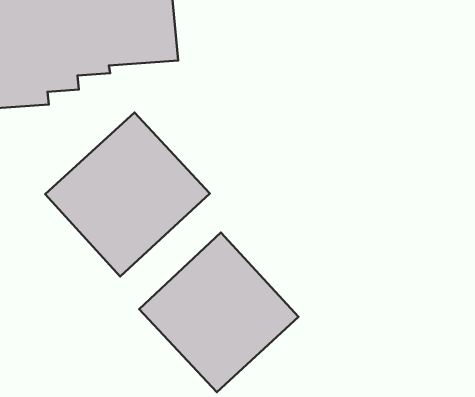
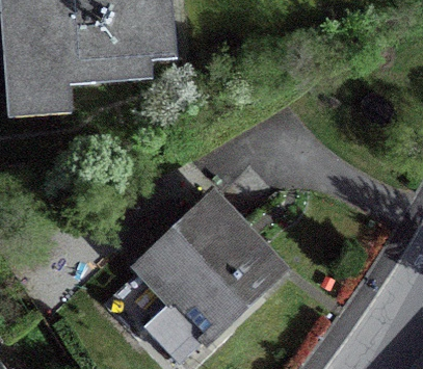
building: [45,112,210,276] -> none

